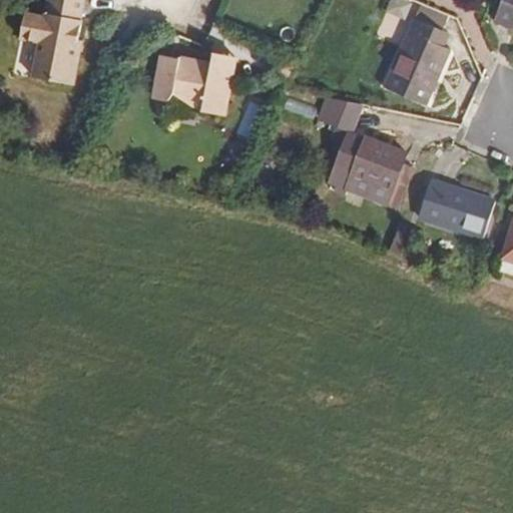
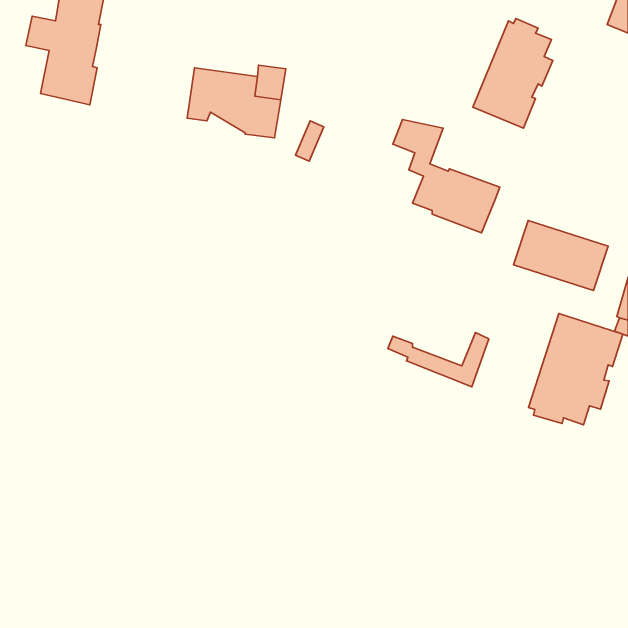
building: [332,162,414,206] -> [388,333,489,387]
building: none -> [528,314,623,425]

